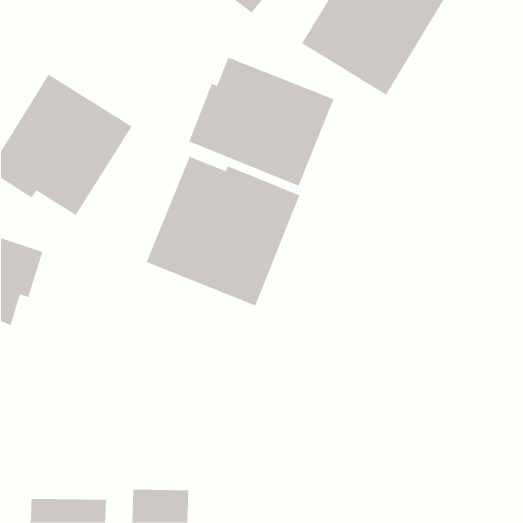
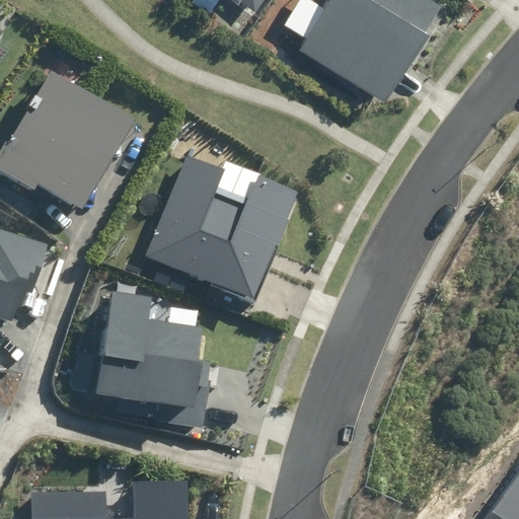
building: [189,57,334,186] -> none
building: none -> [87,289,209,429]

